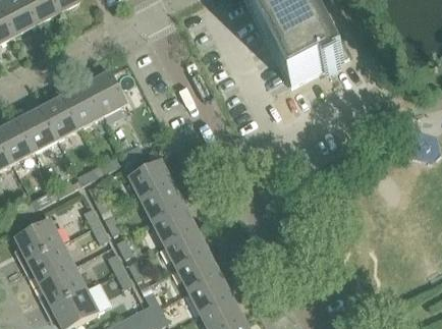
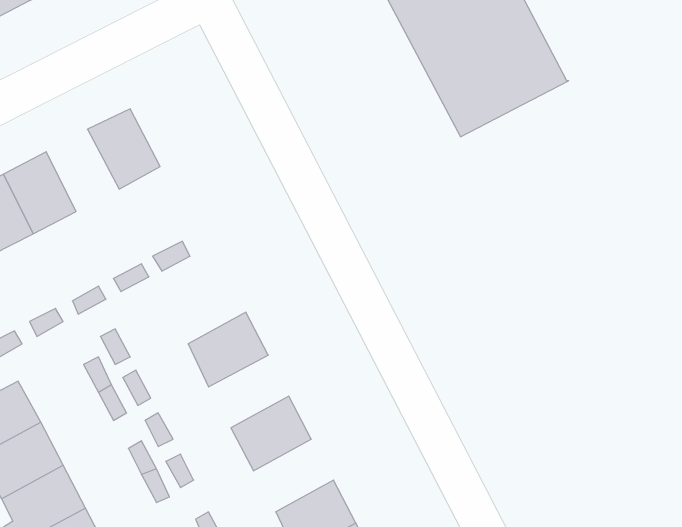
building: [63,83,103,127] -> none
building: [128,160,172,200] -> none
building: [152,206,196,245] -> none
building: [176,252,220,291] -> none

